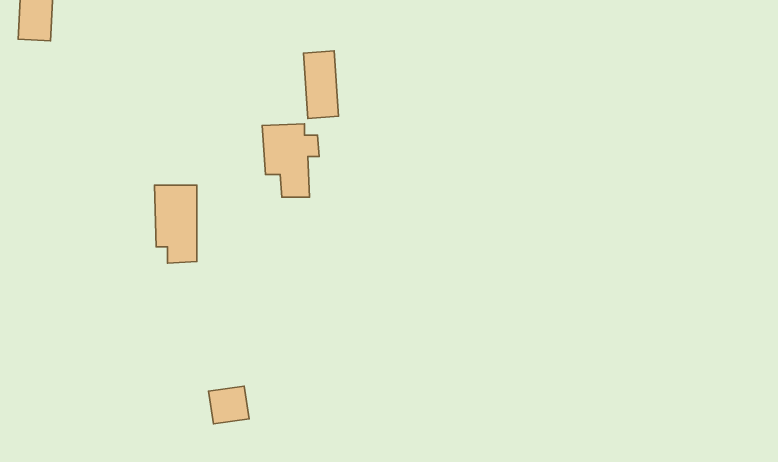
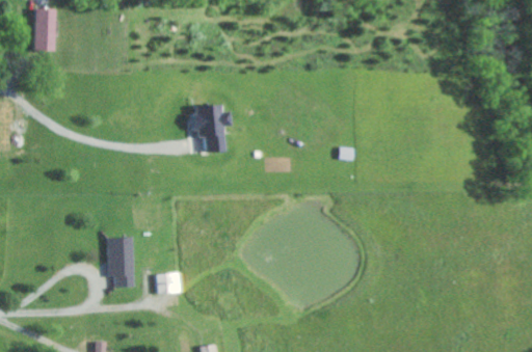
building: [303,51,339,118] -> none
building: [155,185,197,263] -> [108,238,135,288]

